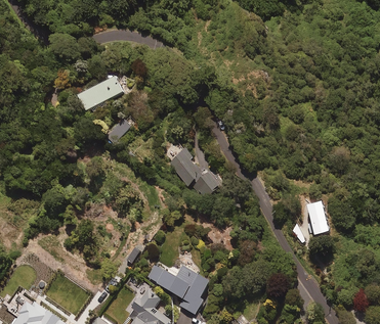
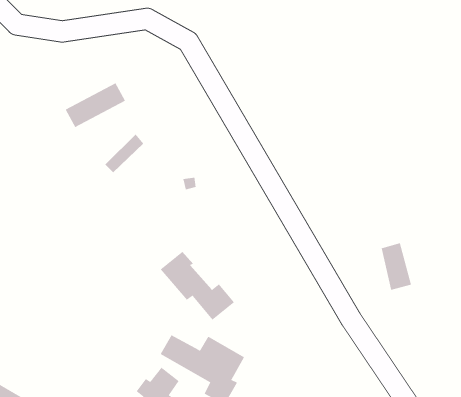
building: [168,151,222,201] -> [160,251,235,320]

